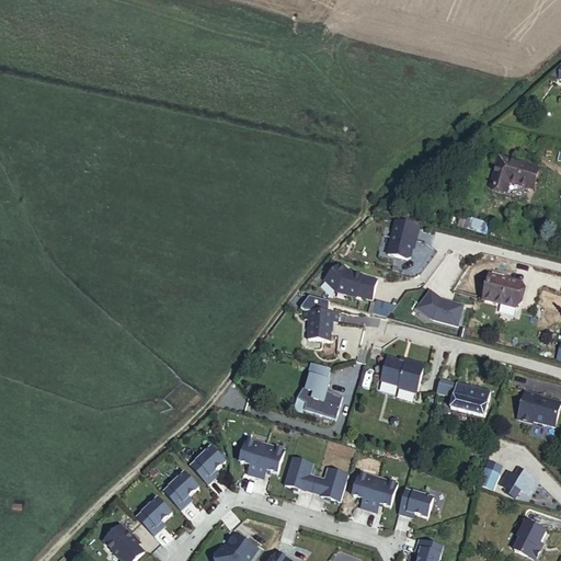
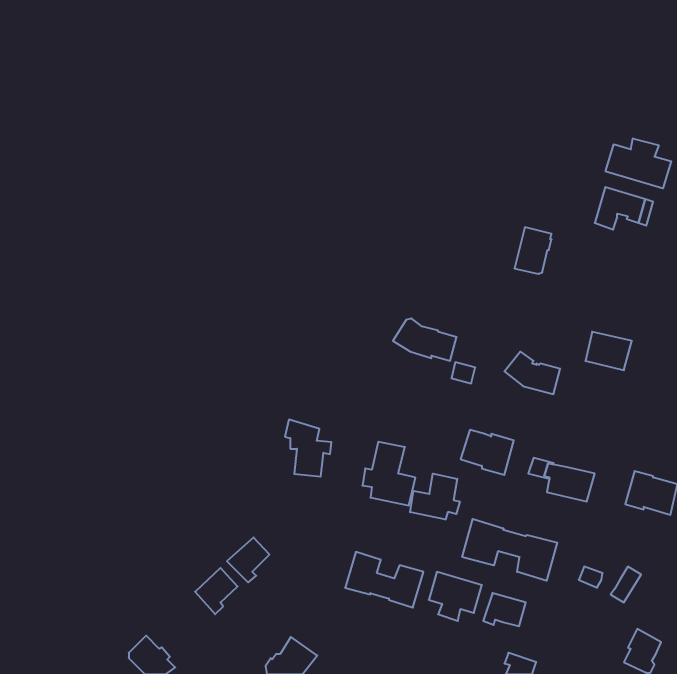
building: none -> [606,138,671,188]
building: [387,219,417,257] -> [514,227,552,274]
building: [299,293,337,340] -> [285,420,331,477]
building: none -> [410,474,460,520]
building: none -> [462,519,557,581]
building: [239,442,284,482] -> none
building: [134,494,169,533] -> none

